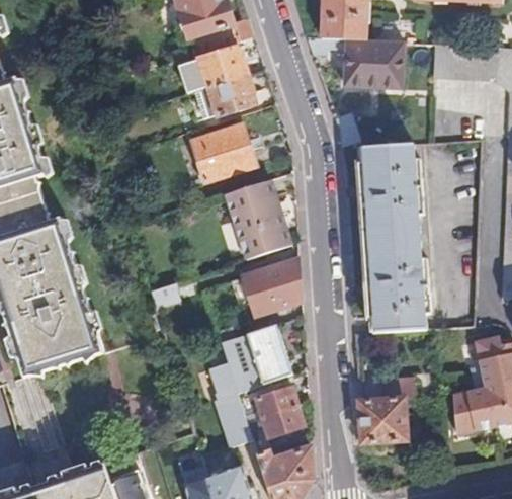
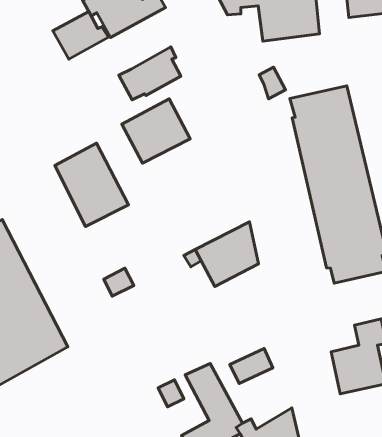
building: [197,47,251,90] -> [53,12,109,59]
building: [227,180,292,260] -> [55,143,128,226]
building: [222,325,292,392] -> none
building: [263,406,304,436] -> none

